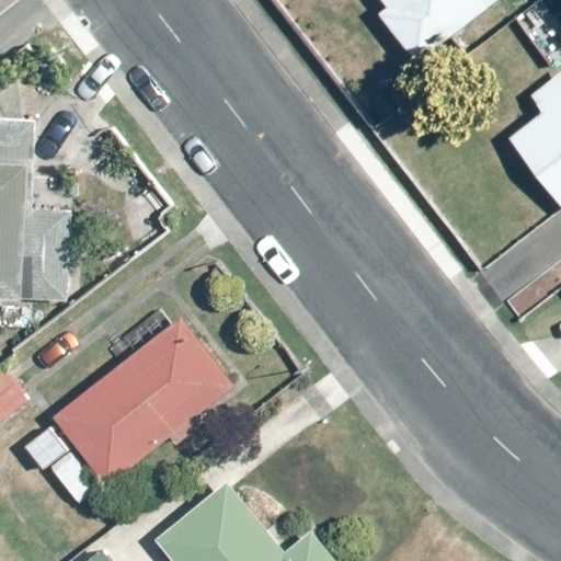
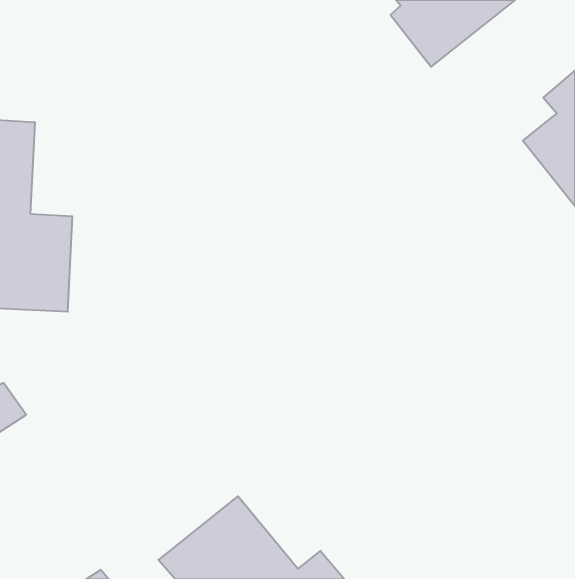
building: [54,316,234,484] -> none

